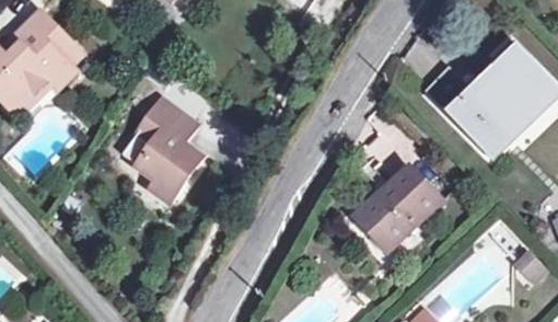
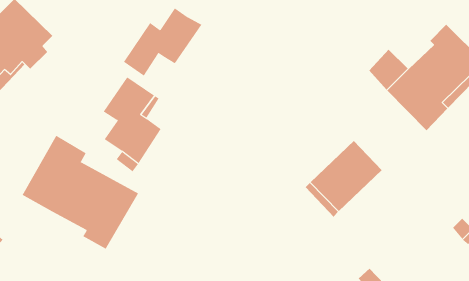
building: none -> [123,8,202,76]
building: none -> [22,135,139,250]

